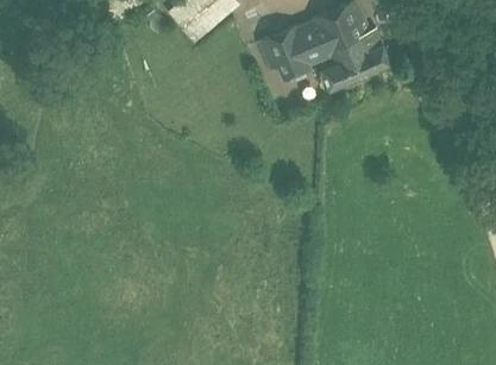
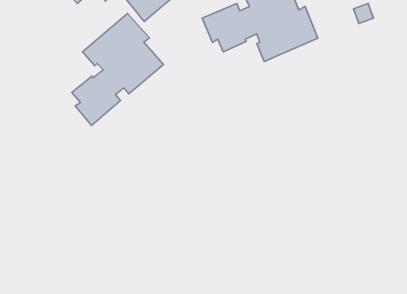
building: none -> [72,13,163,125]

